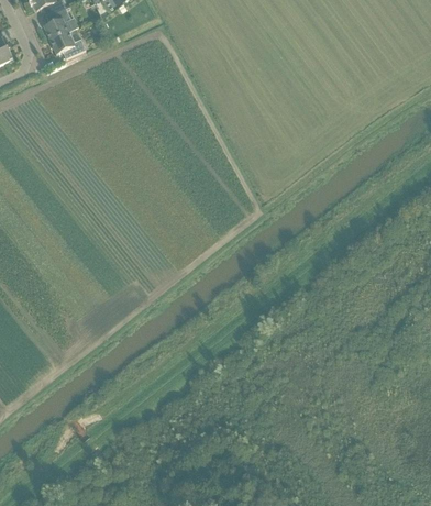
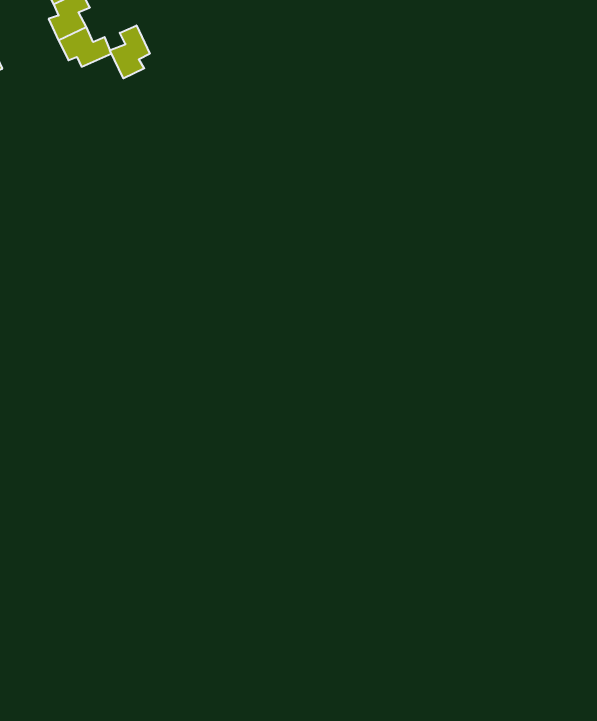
building: none -> [110,25,150,78]

